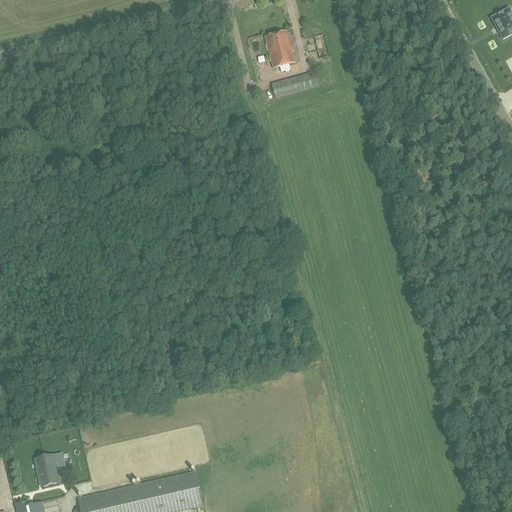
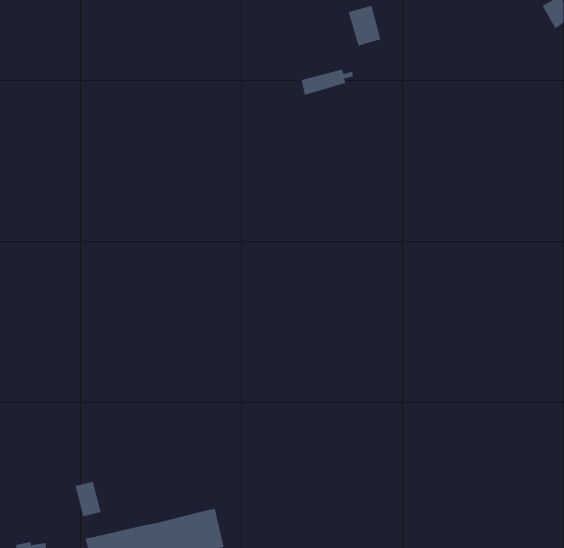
building: [264,31,294,68] -> [348,5,381,46]
building: [35,455,59,487] -> [75,481,101,517]

